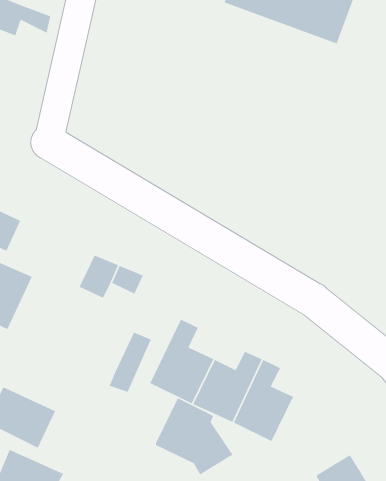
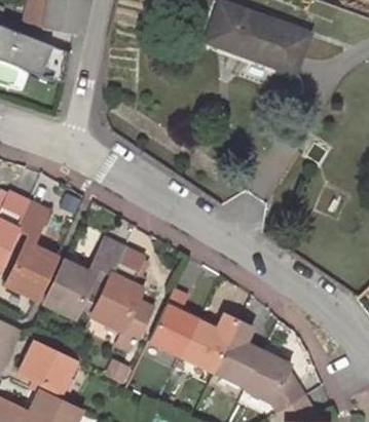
building: none -> [45,263,95,317]
building: none -> [91,274,141,331]
building: [155,397,234,476] -> [245,351,306,413]

